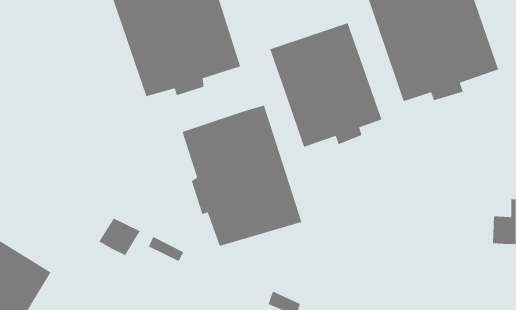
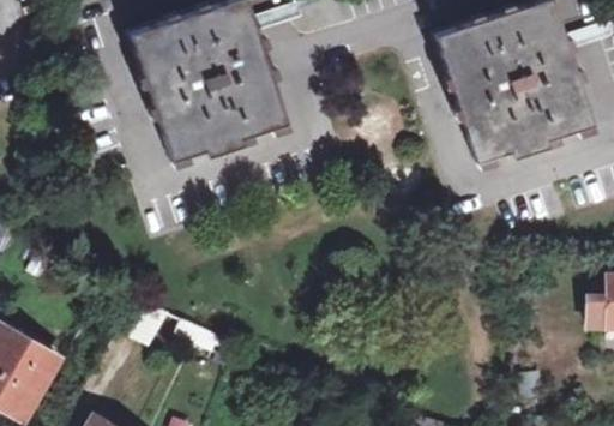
building: [269,22,383,148] -> none
building: [181,104,303,247] -> none

